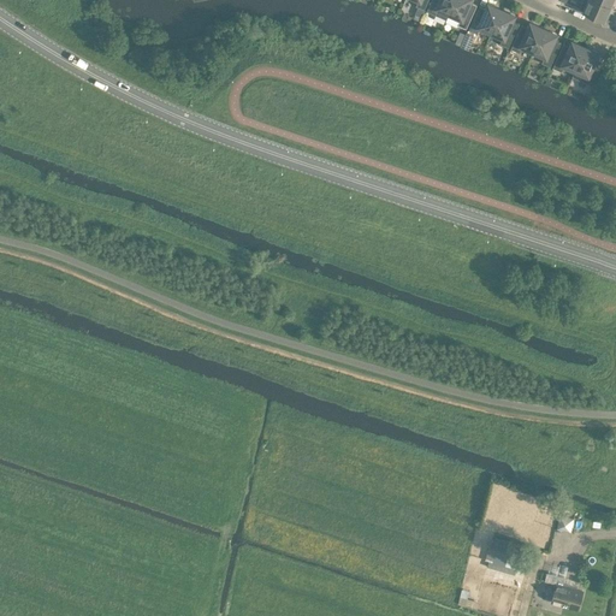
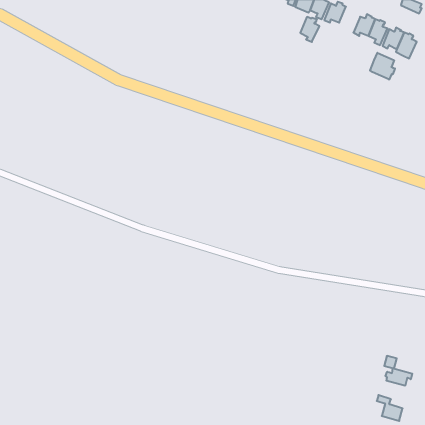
building: [490,10,517,46] -> [300,17,319,42]
building: none -> [370,53,395,80]
building: none -> [386,368,412,386]

